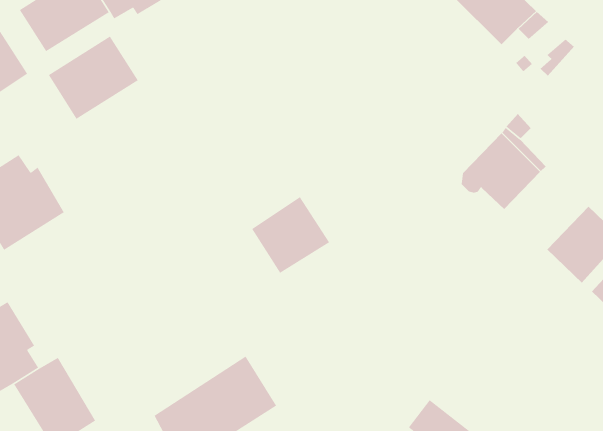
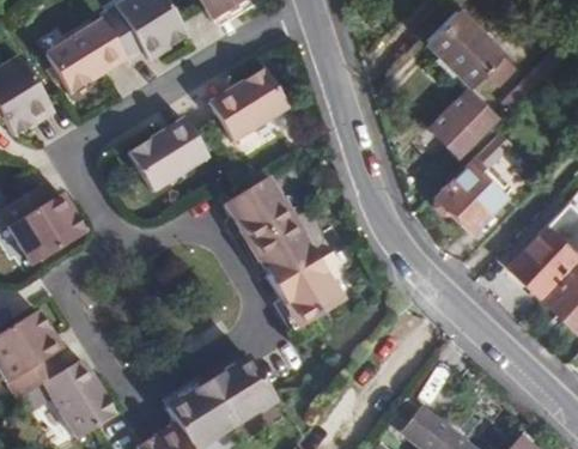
building: none -> [209,67,291,140]
building: [48,35,139,120] -> [129,116,209,190]
building: none -> [421,92,494,154]
building: none -> [225,176,294,245]
building: none -> [276,257,346,327]

